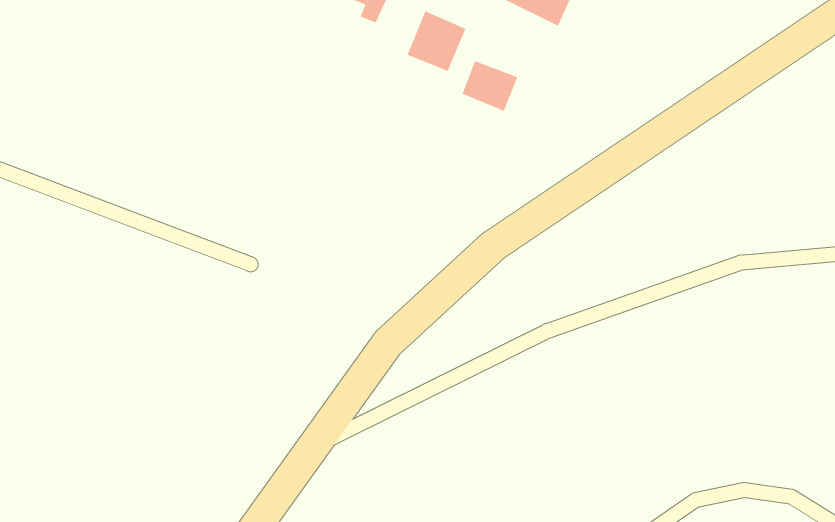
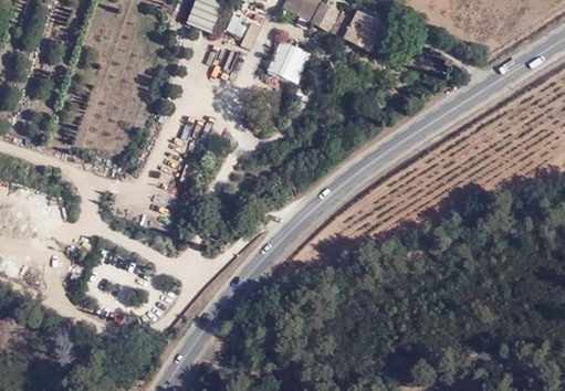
building: [461,60,518,112] -> none

